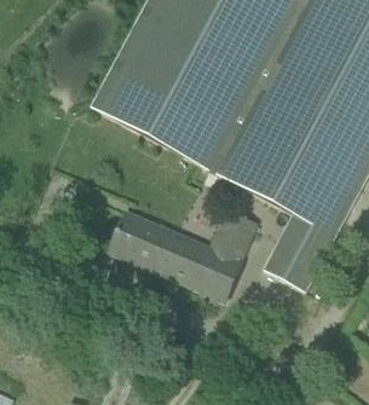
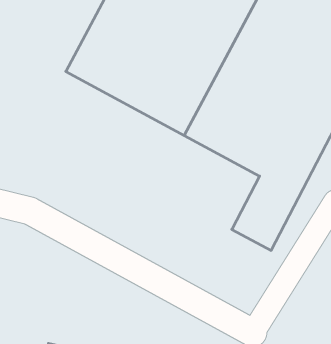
building: [109,208,258,302] -> none

